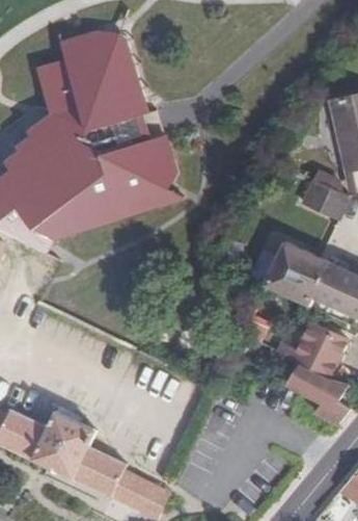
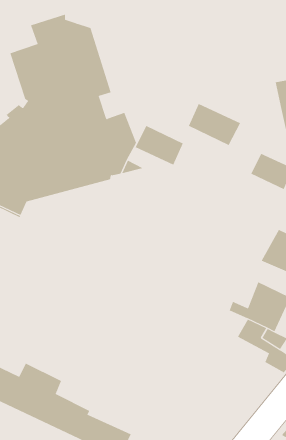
building: none -> [188,103,241,146]
building: none -> [135,125,183,166]
building: [265,241,333,306] -> none

